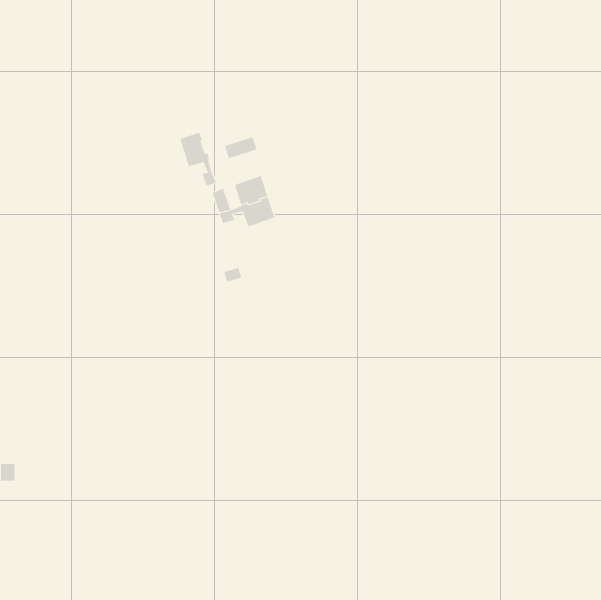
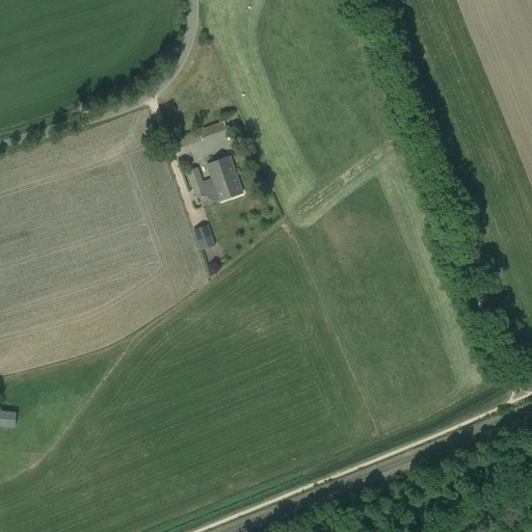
building: [179,132,217,187] -> none

